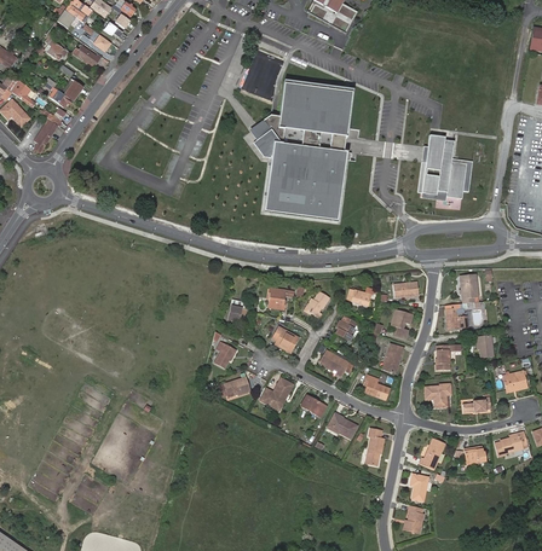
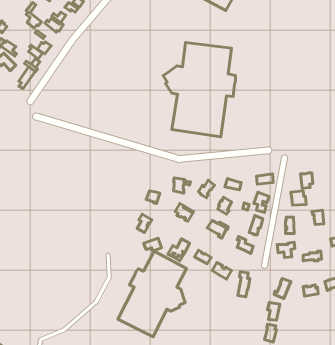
building: [419,130,473,202] -> none
building: none -> [118,251,187,337]

